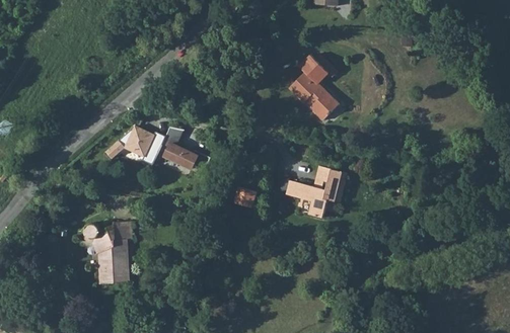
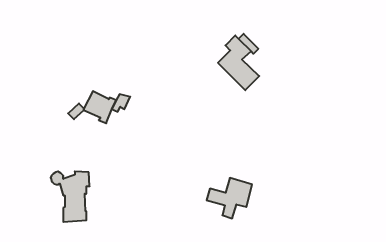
building: [162,143,209,170] -> none
building: [289,168,345,218] -> [207,178,252,218]

